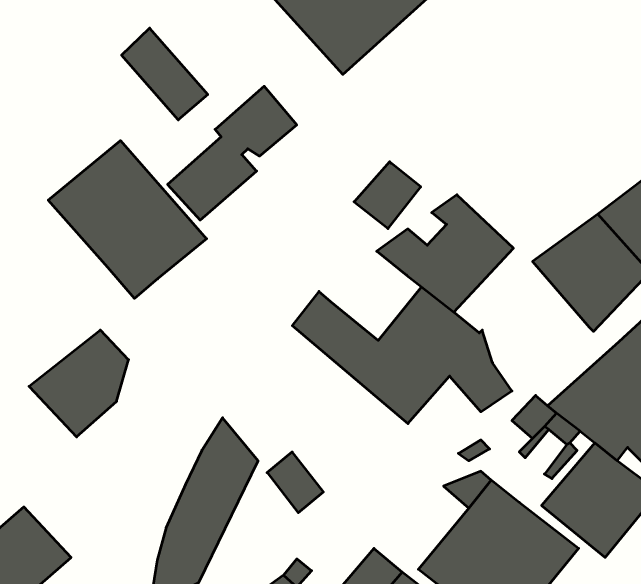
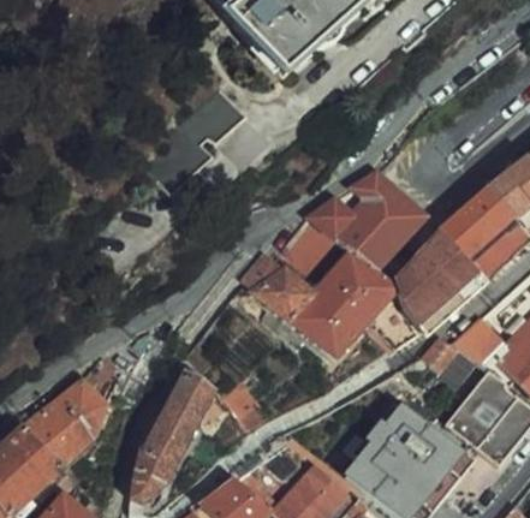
building: [122,28,208,120] -> none
building: [48,141,207,298] -> none
building: [354,162,421,229] -> [281,218,335,272]
building: none -> [397,227,483,332]
building: [29,330,129,437] -> [25,380,106,466]

